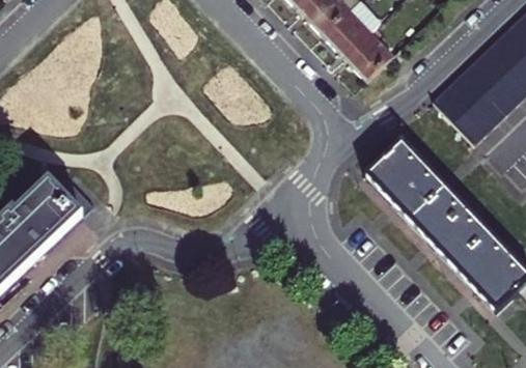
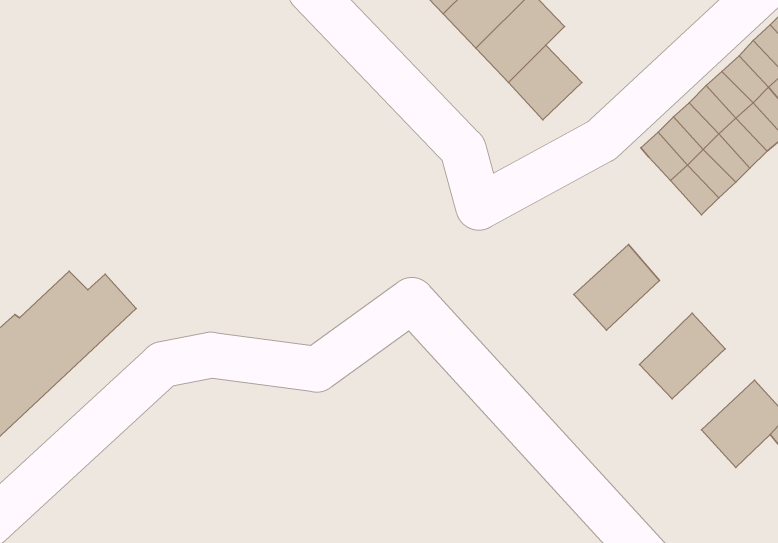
building: [366,139,425,196] -> none
building: [411,187,468,243] -> none
building: [454,232,509,286] -> none

